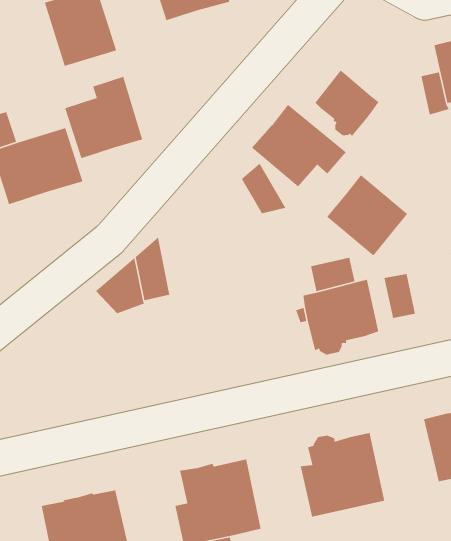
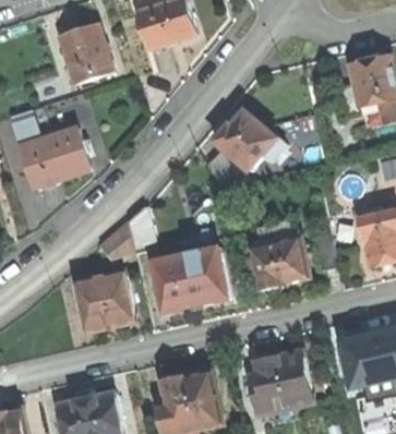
building: [314,69,379,137] -> none
building: [64,76,143,159] -> none
building: [326,174,408,256] -> none
building: none -> [153,249,228,312]
building: none -> [75,270,134,333]

